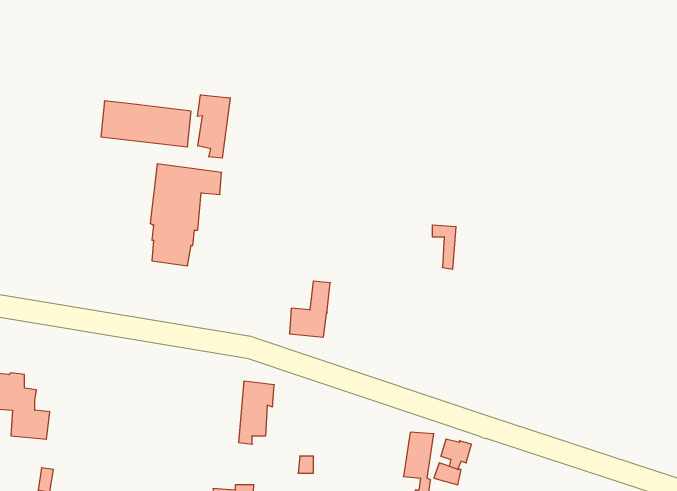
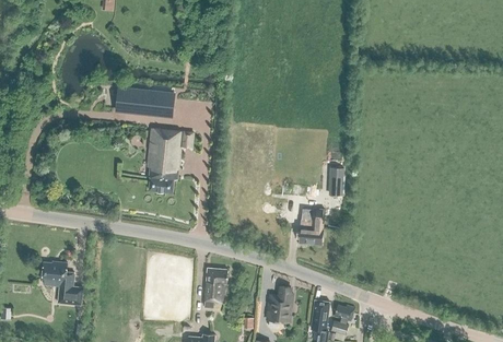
building: [197,95,230,158] -> none
building: [289,281,330,337] -> [297,208,324,244]
building: none -> [266,285,292,321]

